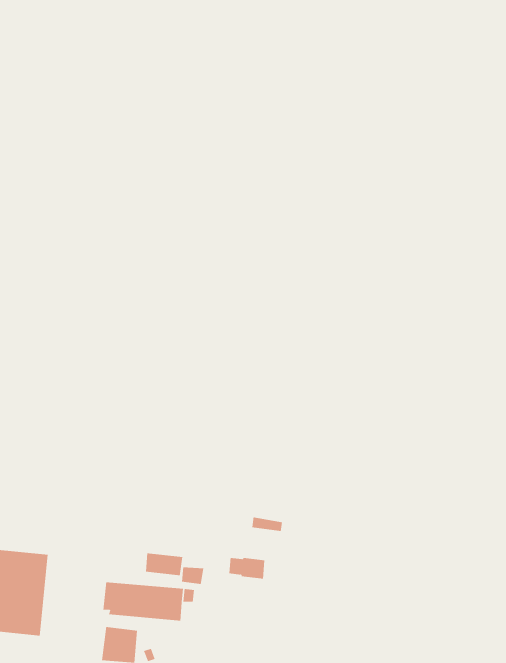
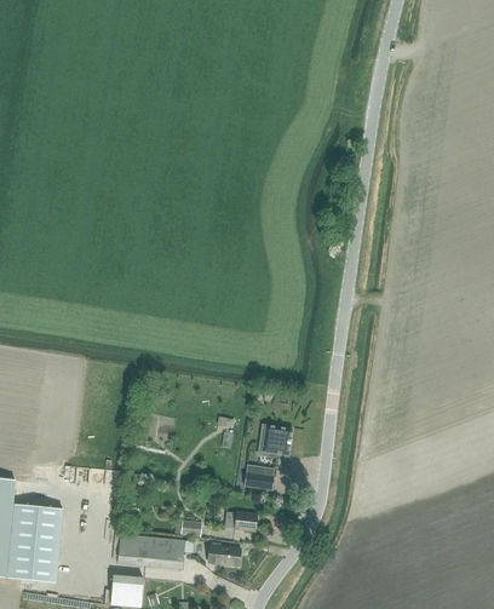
building: none -> [257,423,293,455]
building: [145,553,183,576] -> [206,544,240,564]

